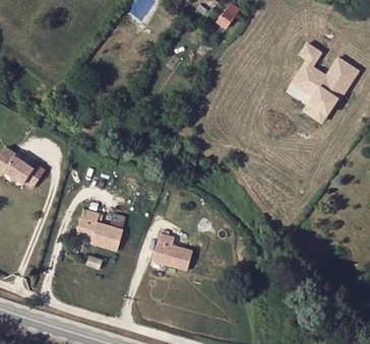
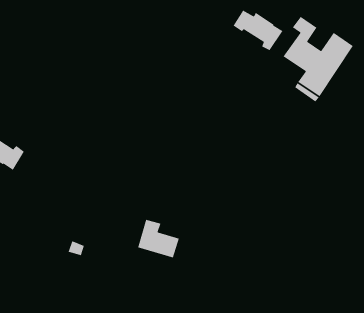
building: none -> [232,9,283,51]
building: [75,208,124,251] -> none

